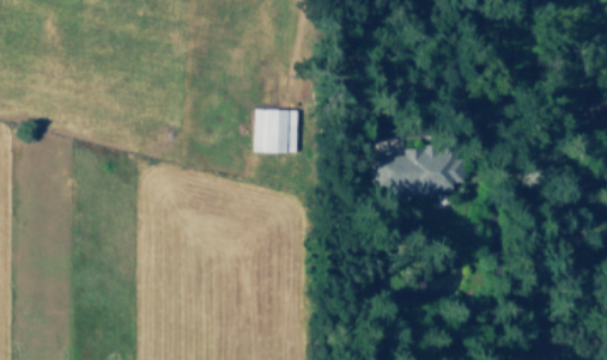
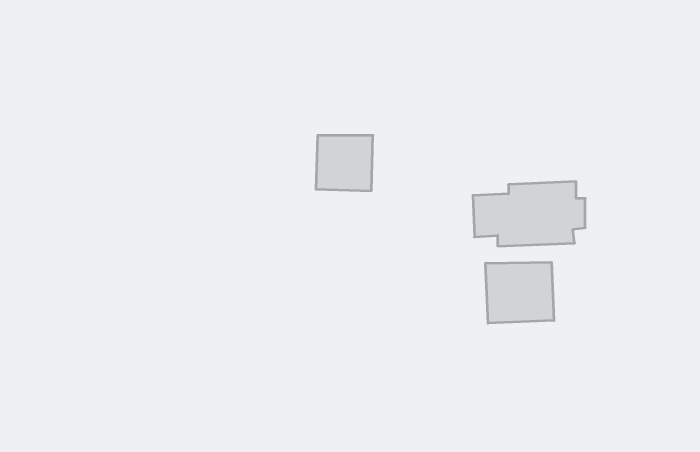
building: none -> [486,262,554,323]

